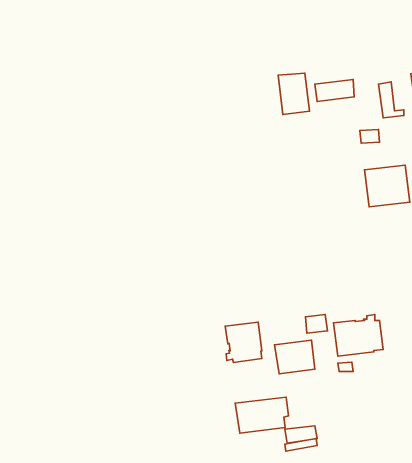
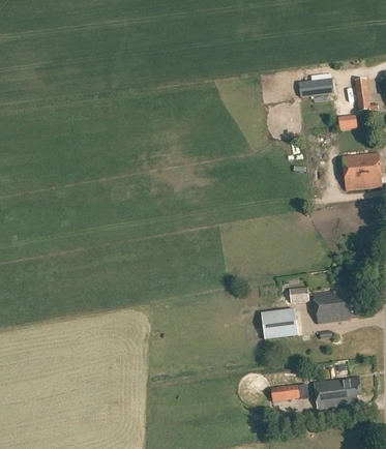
building: [278,73,309,114] -> none
building: [225,322,262,363] -> none
building: [235,397,288,433] -> [315,377,362,409]

